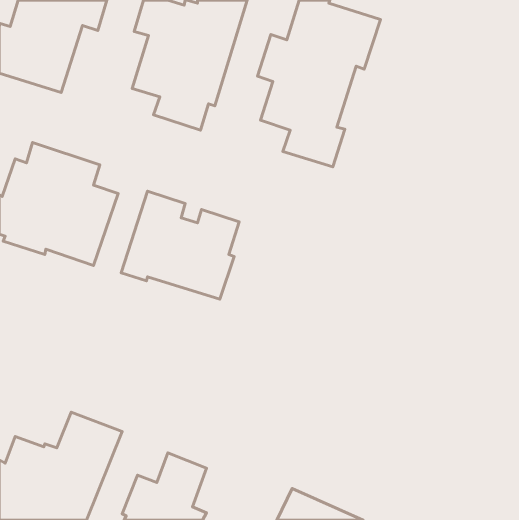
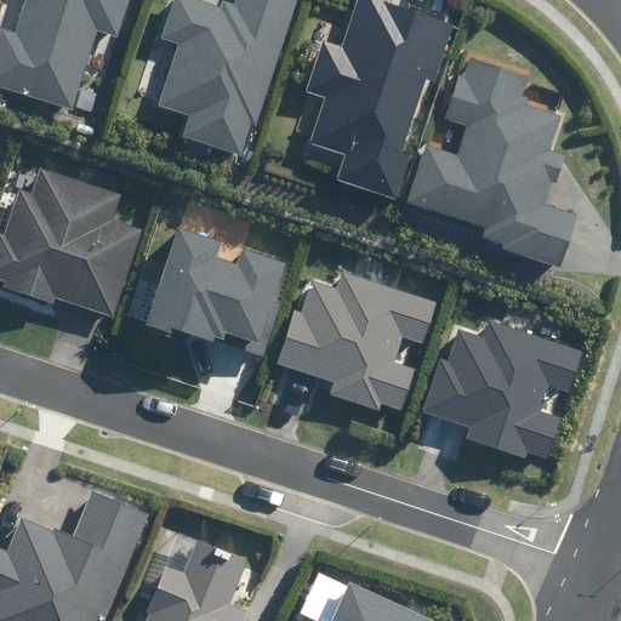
building: none -> [408,58,577,268]
building: none -> [274,274,434,410]
building: none -> [421,319,583,458]

